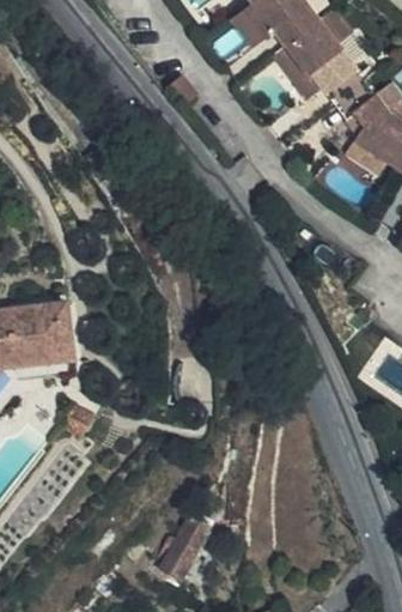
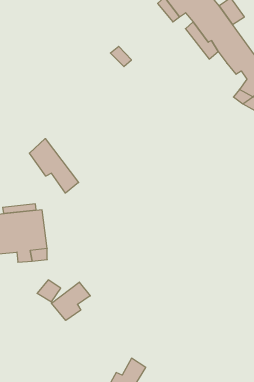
building: none -> [29,139,79,193]
building: none -> [51,282,90,320]

